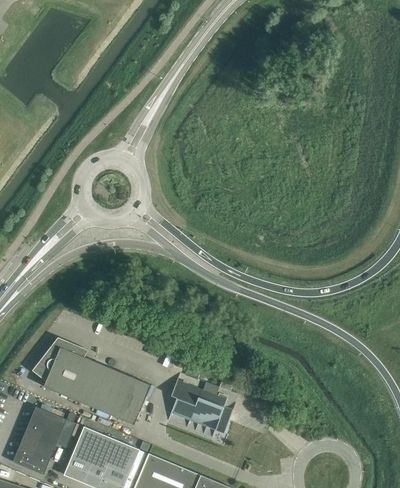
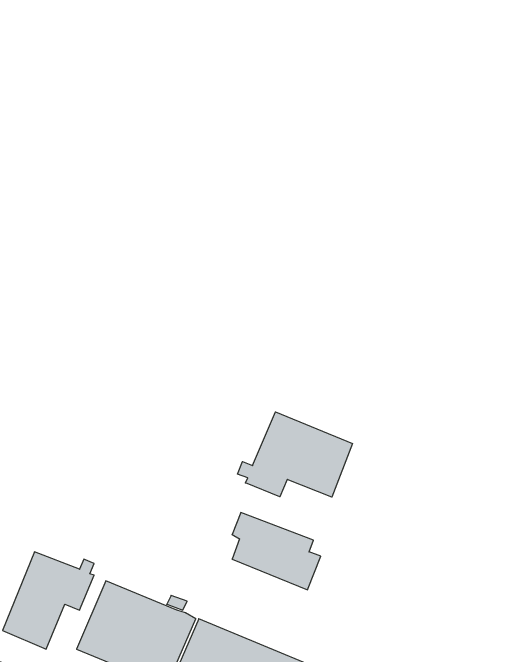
building: none -> [238,412,353,497]
building: [31,337,149,424] -> none

